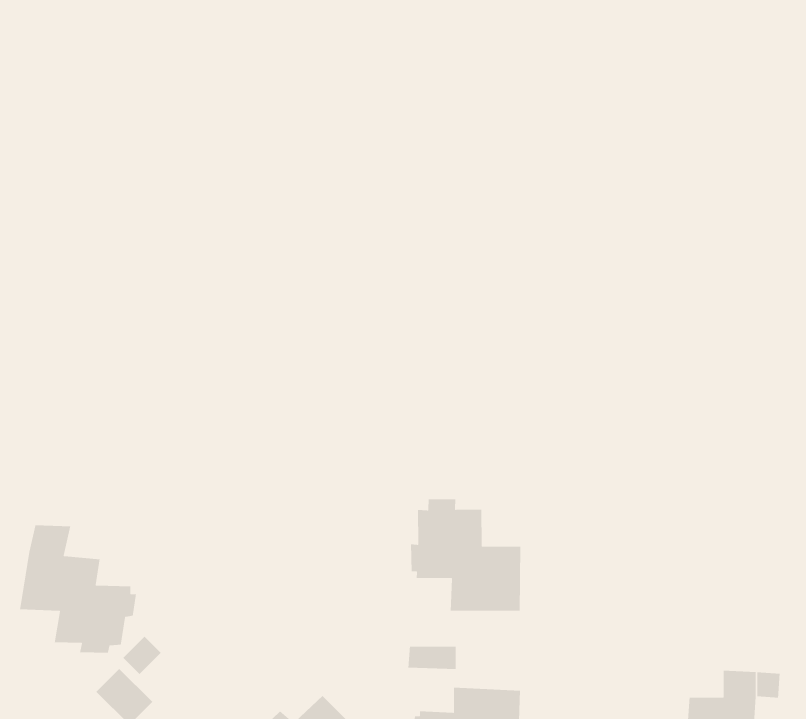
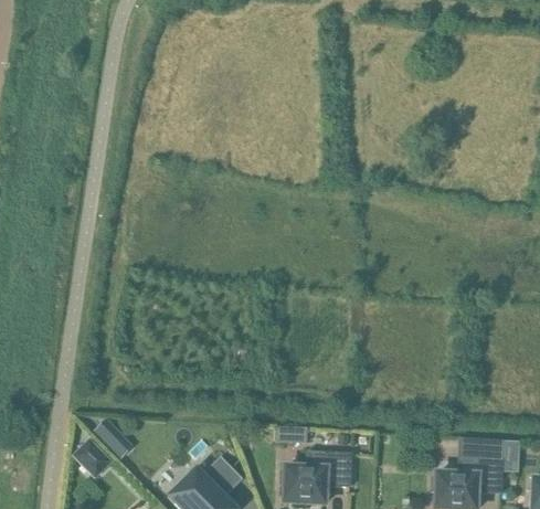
building: [410,498,521,611] -> none
building: [19,525,137,654] -> none

